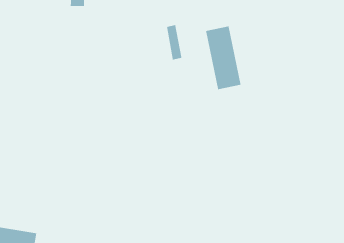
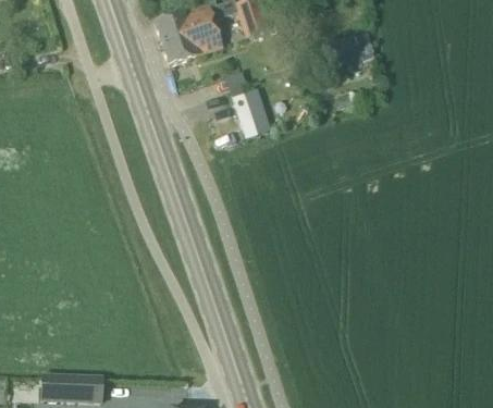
building: [205,26,241,90] -> none

